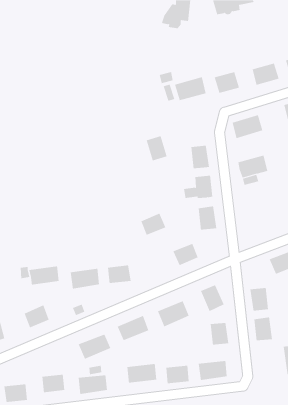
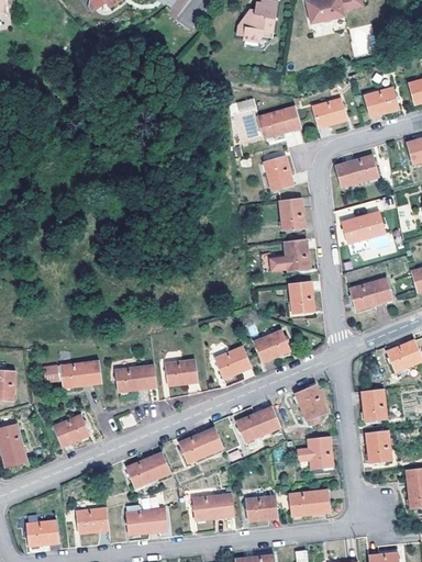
building: [146,135,168,161] -> [265,156,295,191]
building: none -> [349,277,392,310]
building: [140,213,166,236] -> [215,347,251,378]

